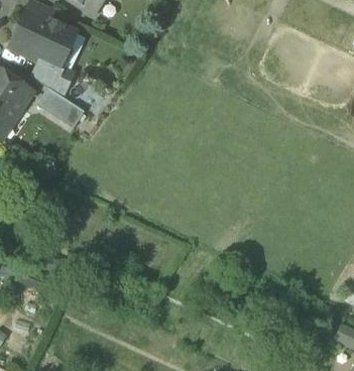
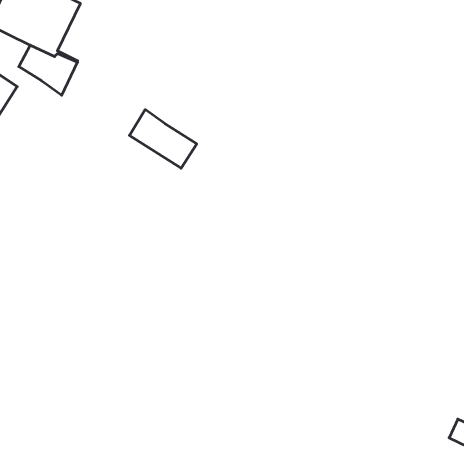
building: [37,86,85,127] -> [129,110,197,168]

